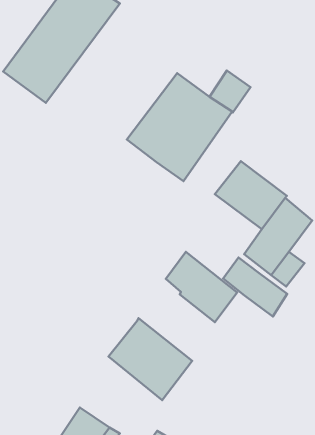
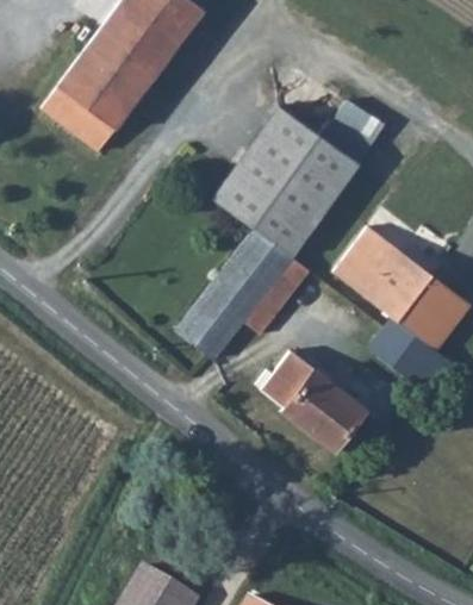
building: none -> [178,229,309,358]
building: [223,257,287,316] -> none
building: [108,318,192,400] -> none

